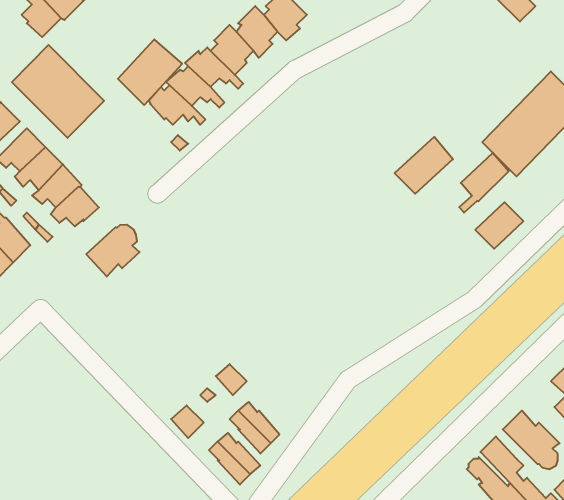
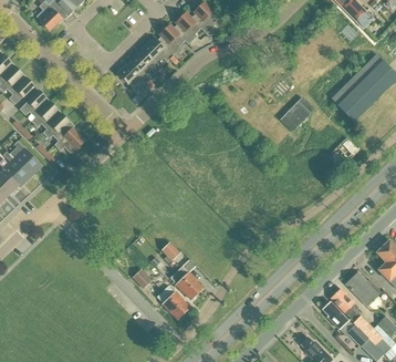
building: [118,39,182,105] -> none
building: [12,45,104,138] -> none
building: [459,153,509,213] -> none
building: [86,225,140,277] -> none

